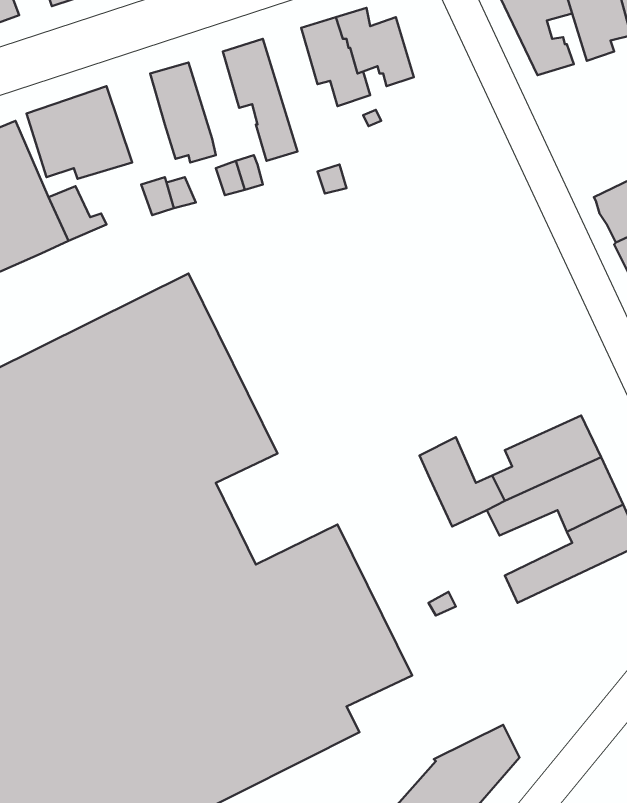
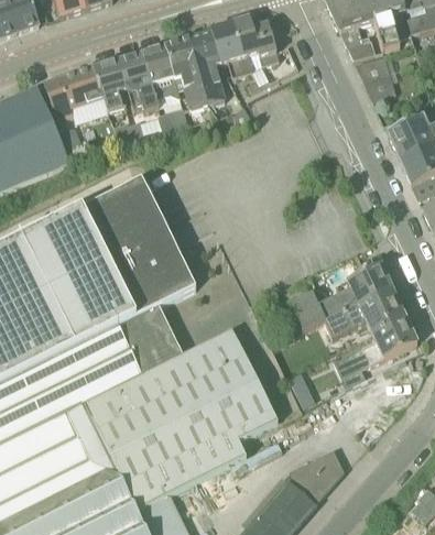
building: none -> [187,30,225,105]
building: none -> [142,44,178,97]
building: none -> [356,55,396,99]
building: none -> [93,57,128,111]

